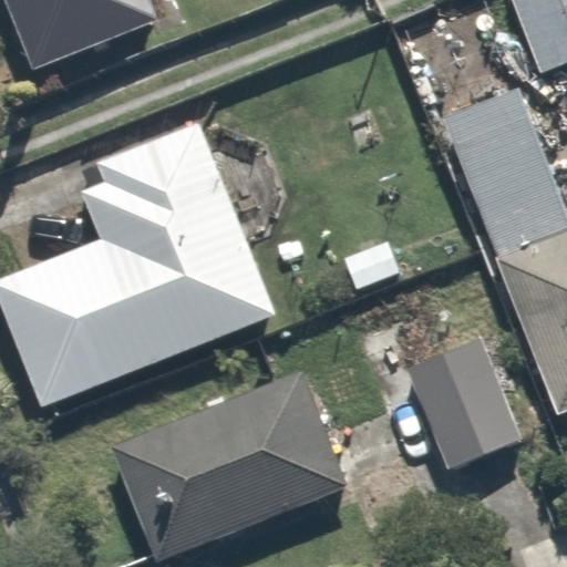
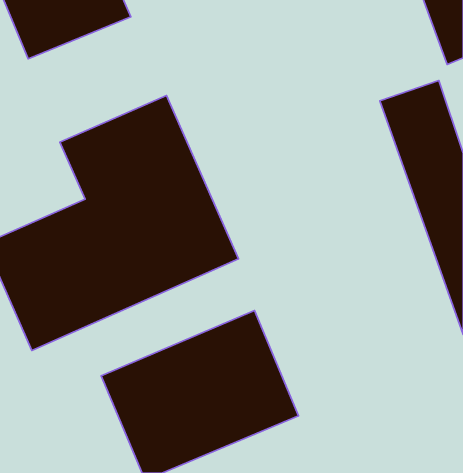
building: [399,315,512,463] -> none

